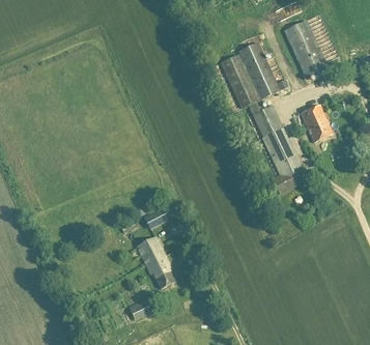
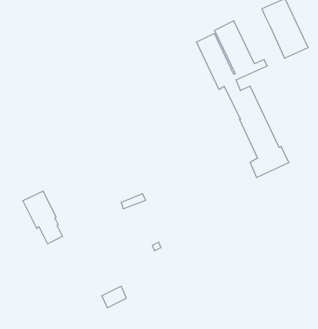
building: [300,104,332,142] -> none
building: [136,237,174,288] -> [23,191,63,244]

